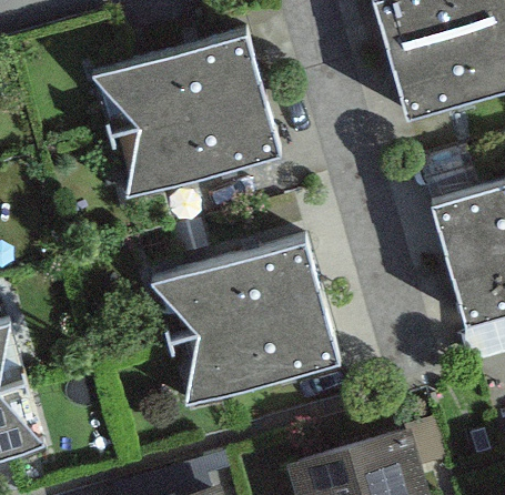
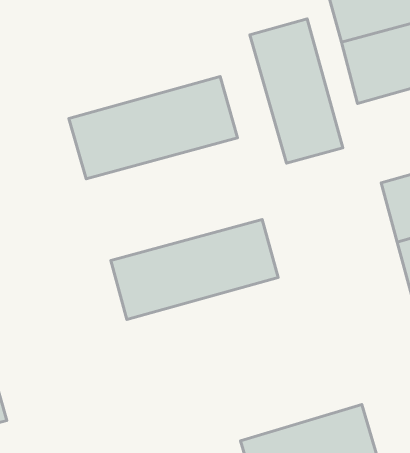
building: [91,33,264,137] -> none
building: none -> [250,19,343,163]
building: [168,301,342,406] -> none

